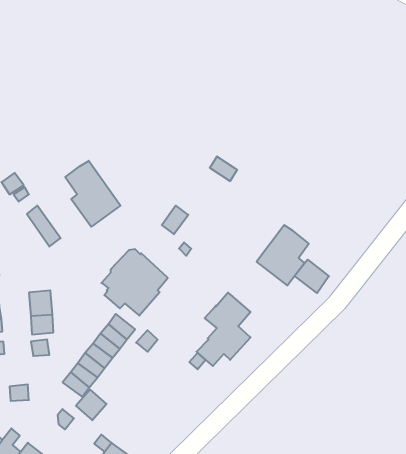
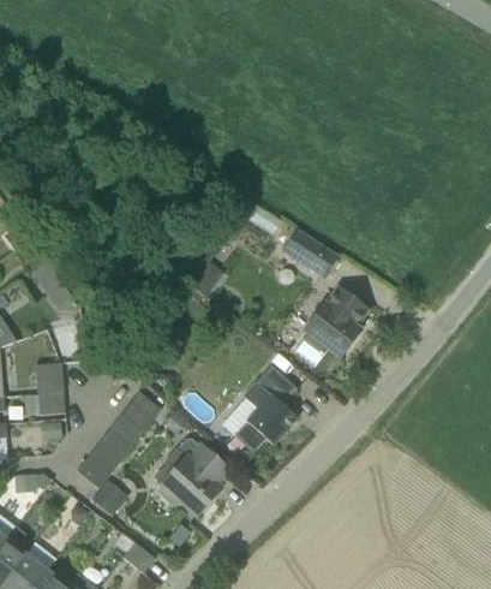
building: [65,161,120,227] -> none
building: none -> [282,230,336,276]
building: [101,249,168,316] -> [152,438,230,516]
building: [295,260,329,293] -> none

